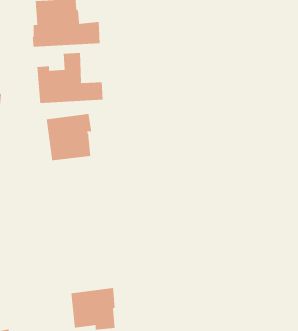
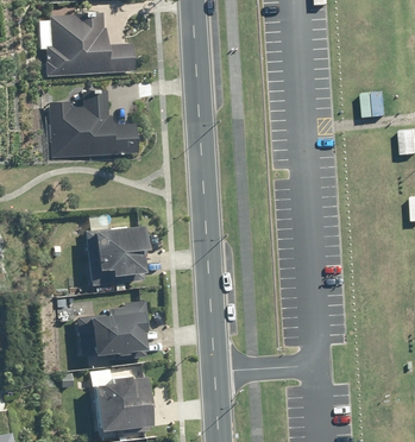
building: [46,113,92,161] -> [83,226,142,286]
building: none -> [75,303,146,360]

